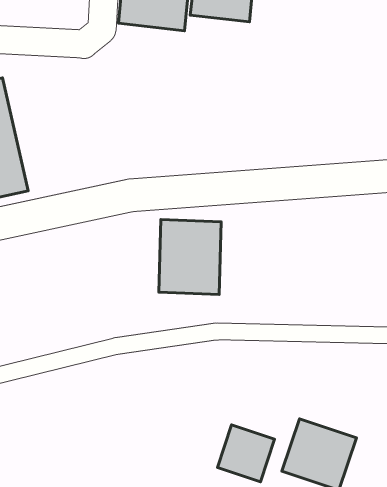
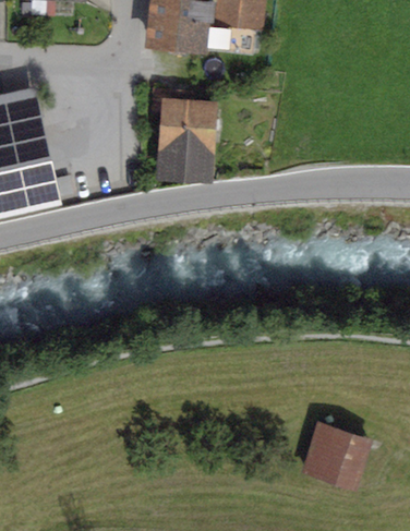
building: [159,219,221,294] -> [156,105,217,178]
building: [218,425,274,482] -> none

